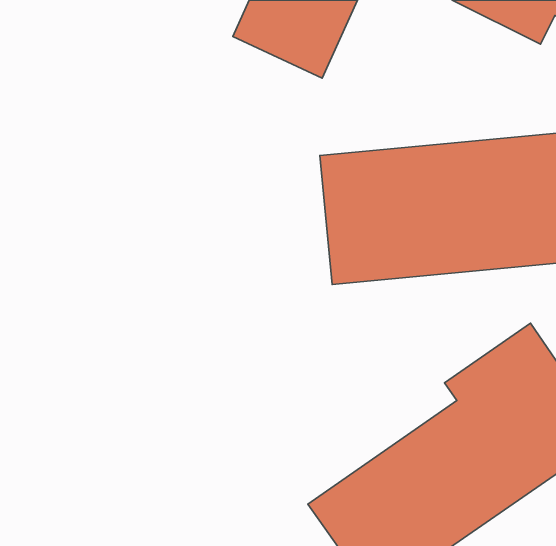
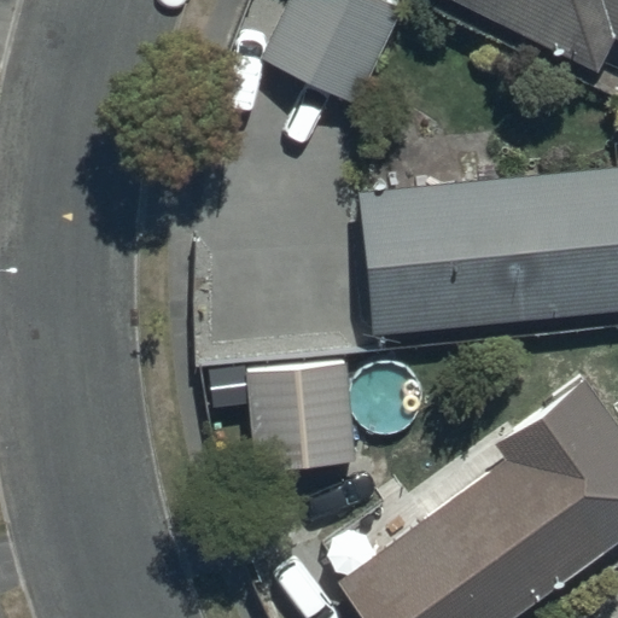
building: none -> [249,366,357,468]

